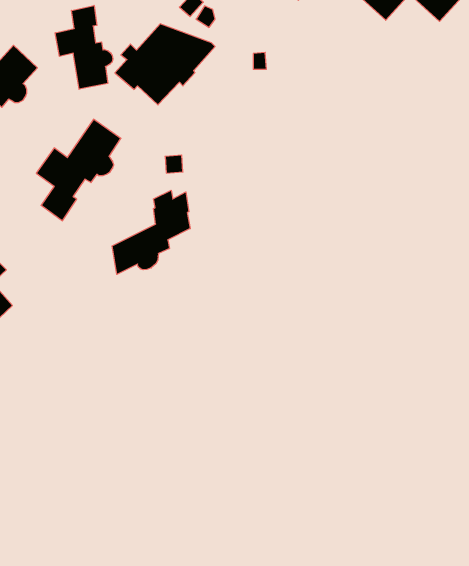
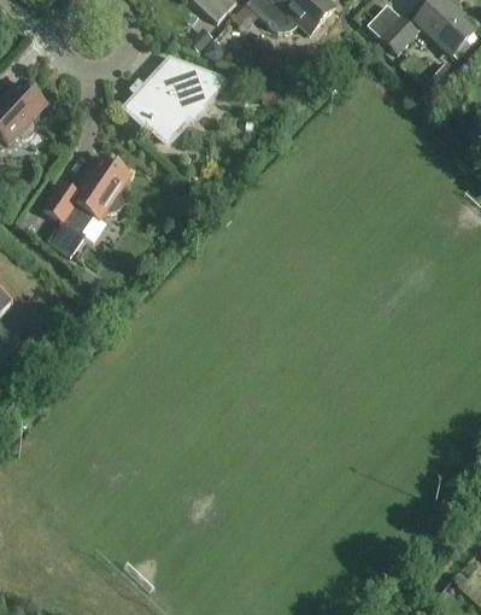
building: [55,5,113,89] -> none
building: [112,190,190,274] -> none

